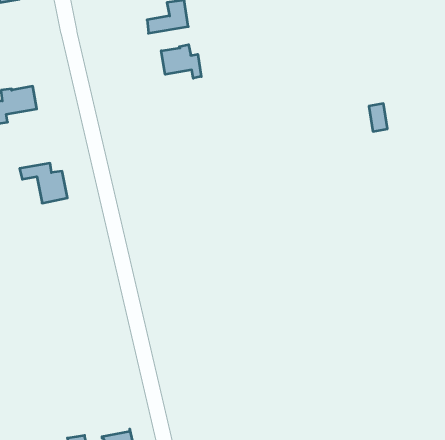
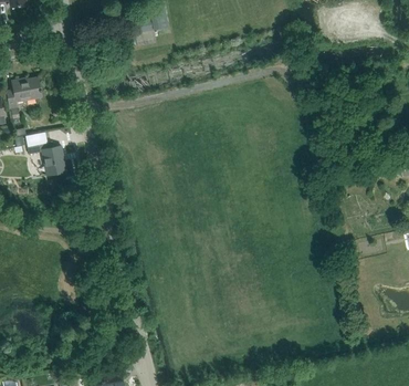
building: [161,45,201,78] -> none

